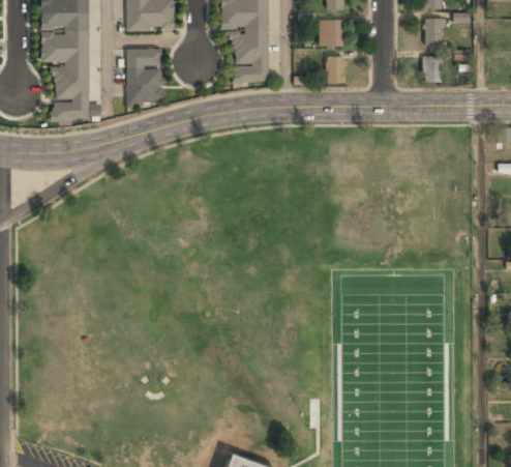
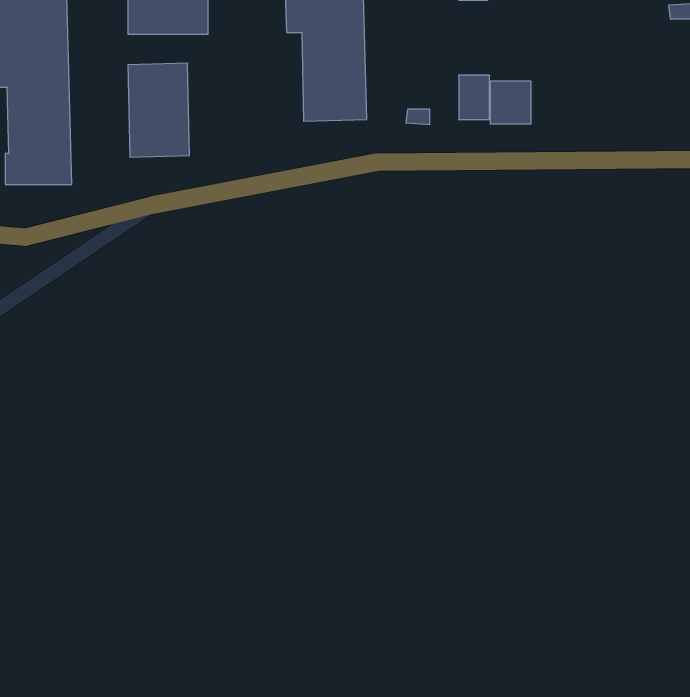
building: [424,18,444,46] -> none
building: [320,19,344,45] -> [490,81,531,124]
building: [423,56,443,82] -> none

